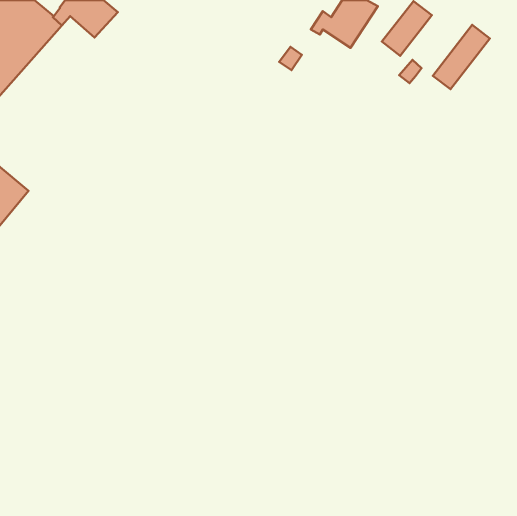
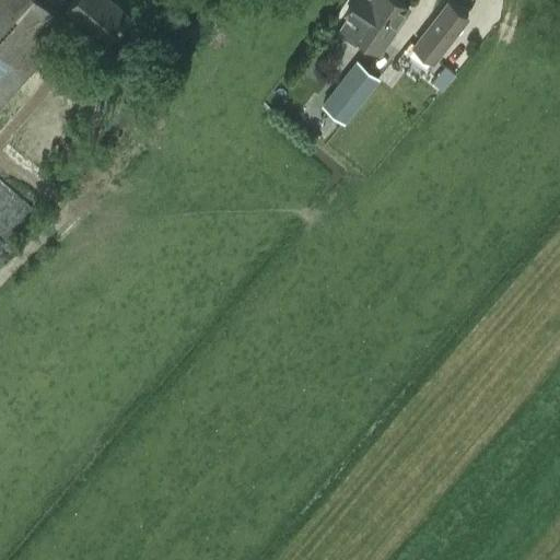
building: [433,25,490,89] -> none
building: none -> [320,62,376,121]

